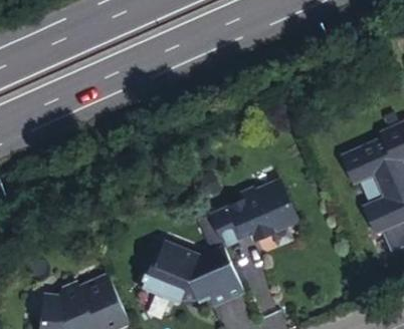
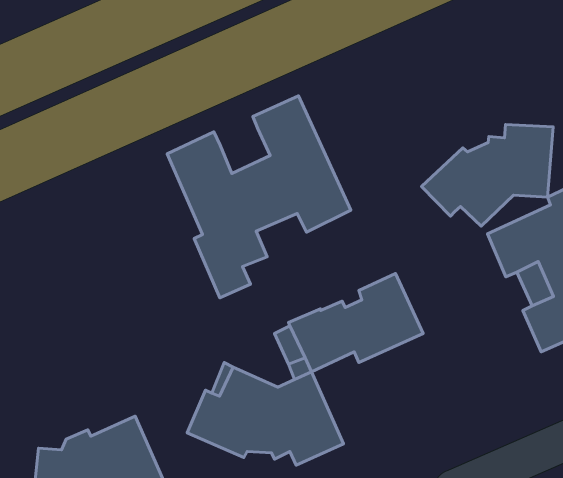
building: none -> [167,96,351,298]
building: none -> [421,125,553,226]

